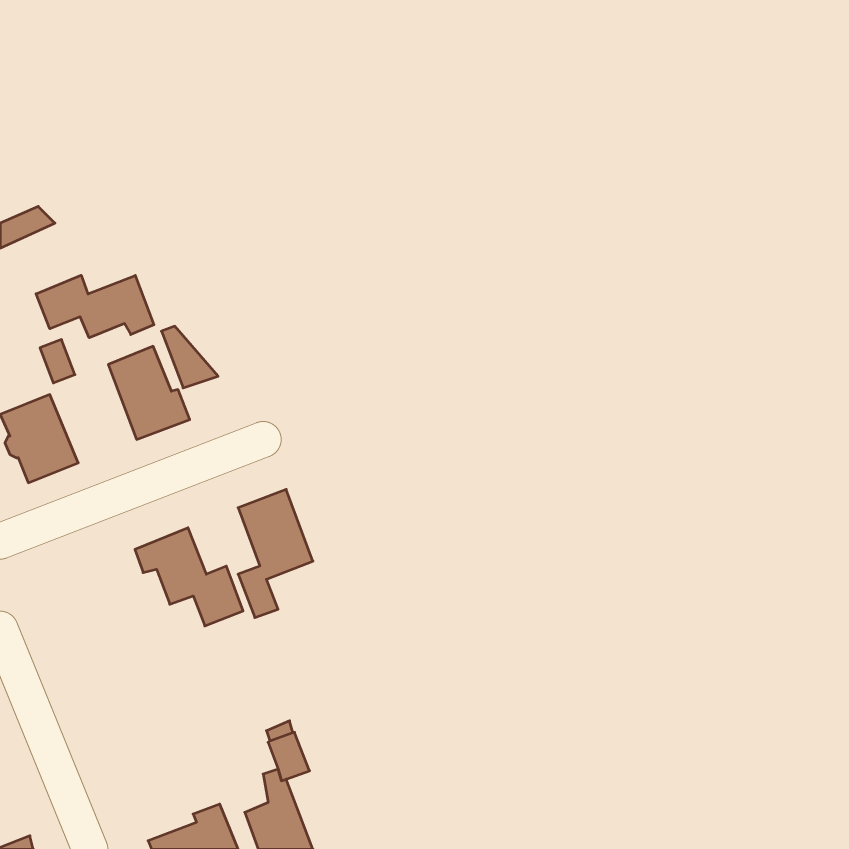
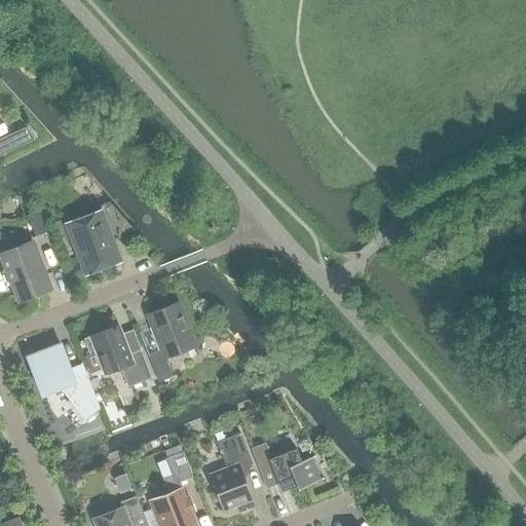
building: [36,275,154,338] -> none
building: none -> [28,346,100,422]
building: none -> [210,433,254,512]
building: none -> [251,441,318,491]

